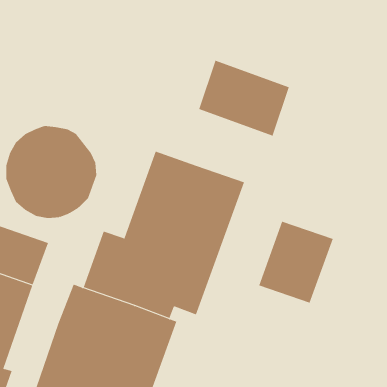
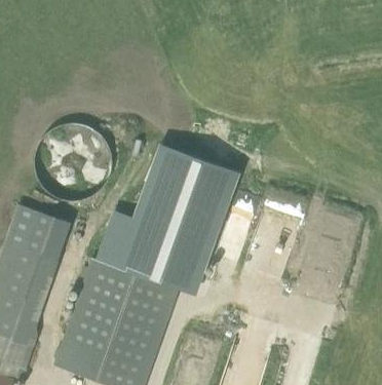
building: [198,60,290,136] -> none
building: [258,221,334,303] -> none

